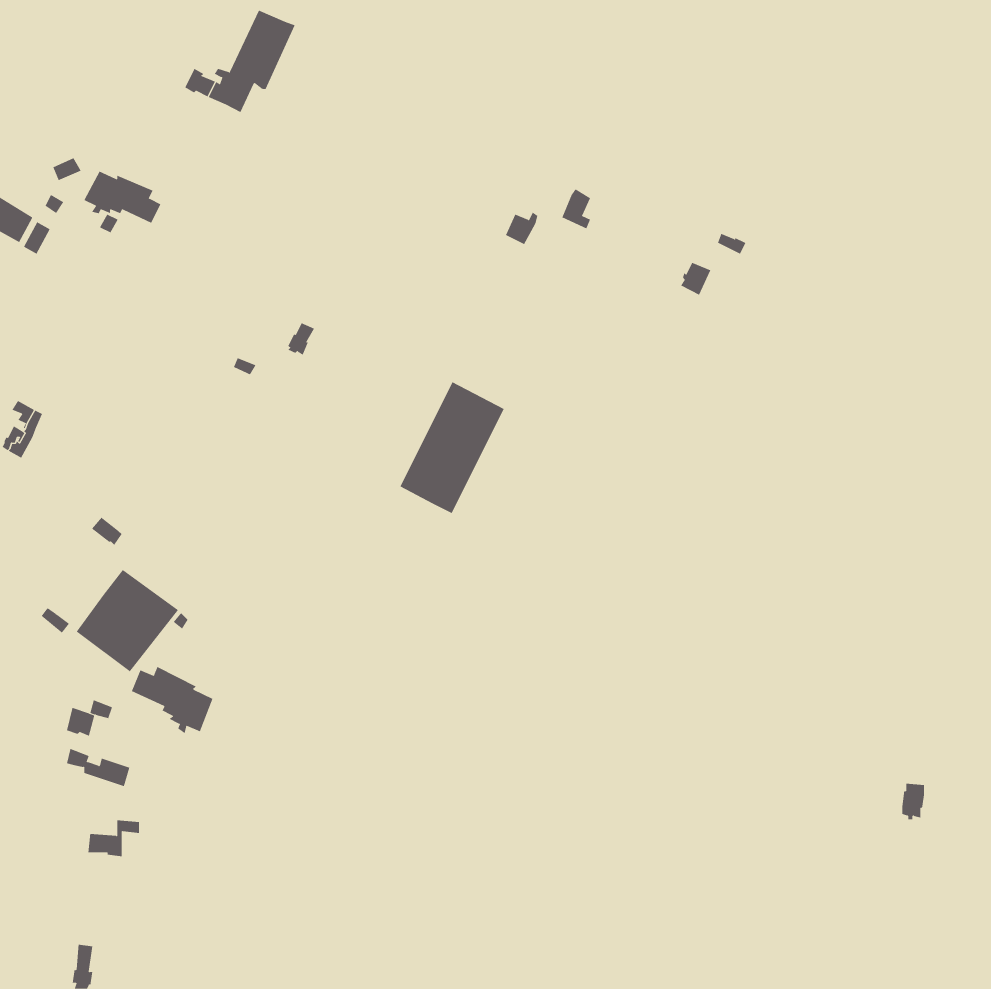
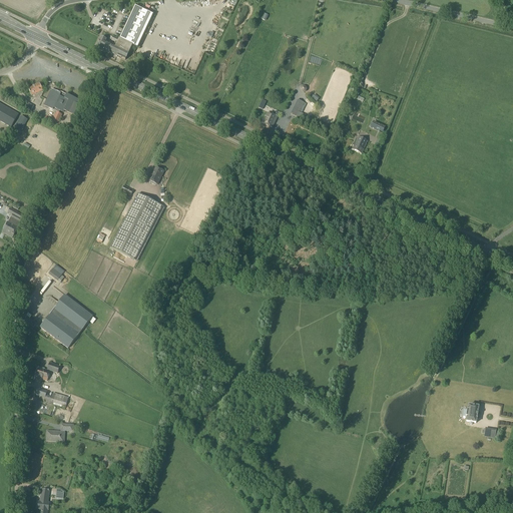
building: [400,382,505,514] -> [109,191,163,260]
building: [131,666,213,734] -> none

